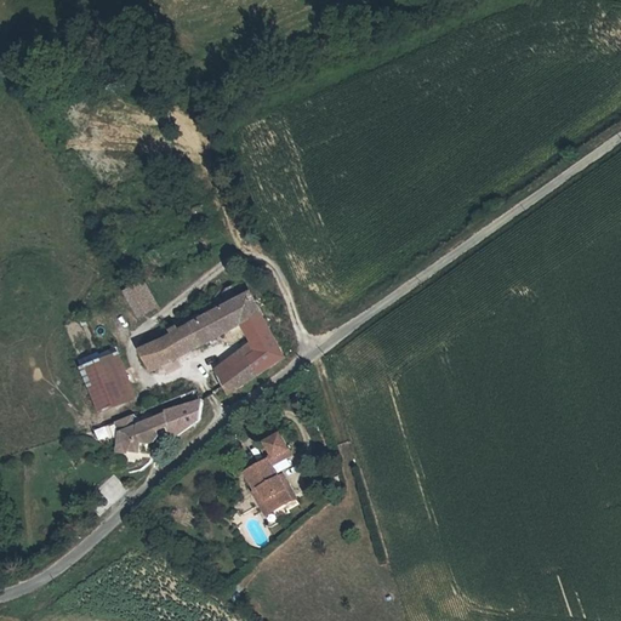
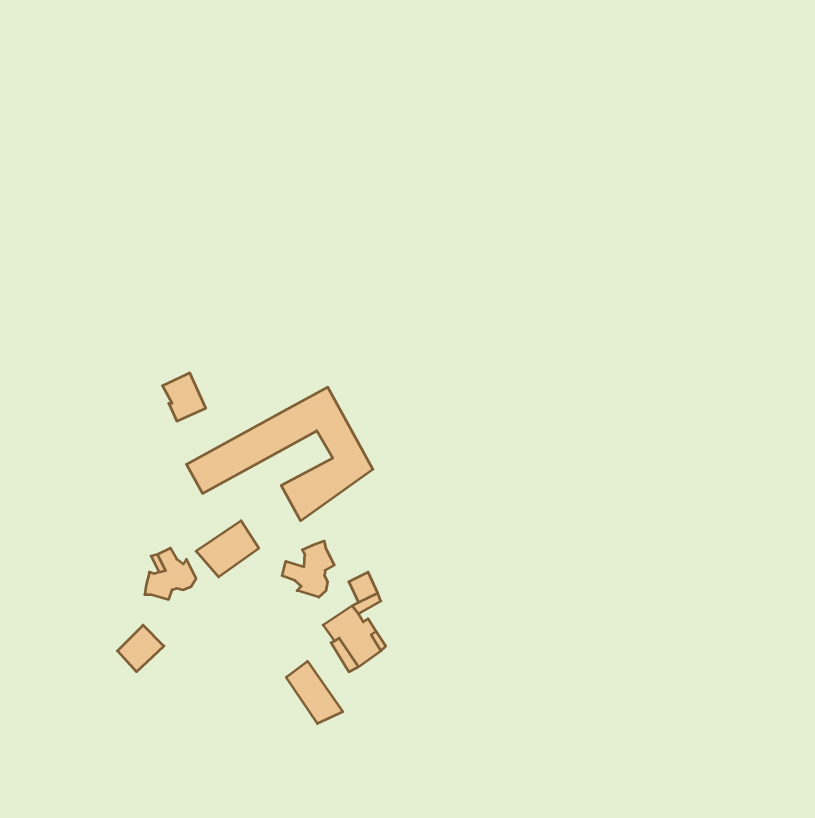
building: [78,344,136,414] -> none
building: none -> [282,541,334,597]
building: none -> [286,661,343,724]

